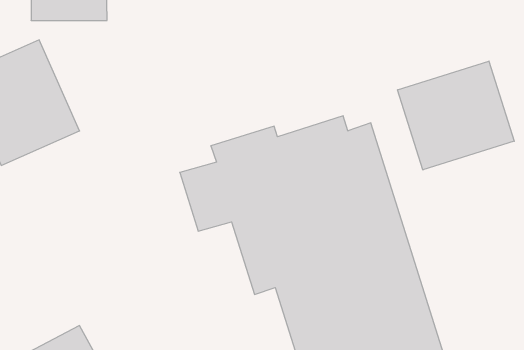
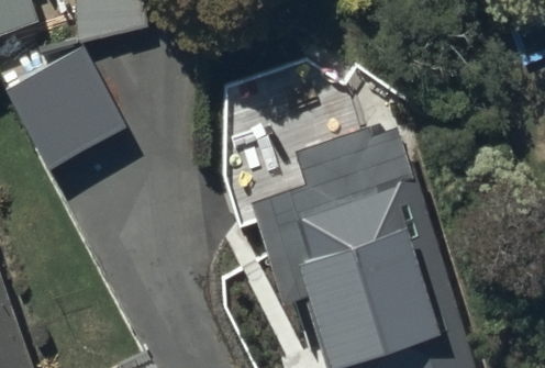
building: [398,61,514,170] -> none

